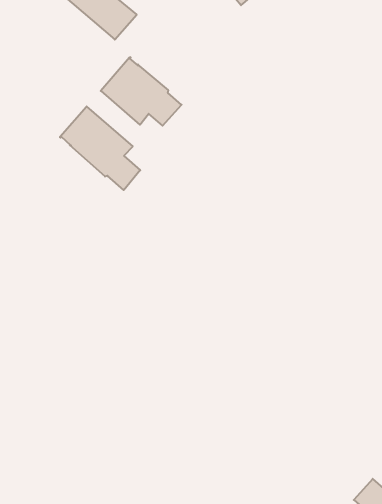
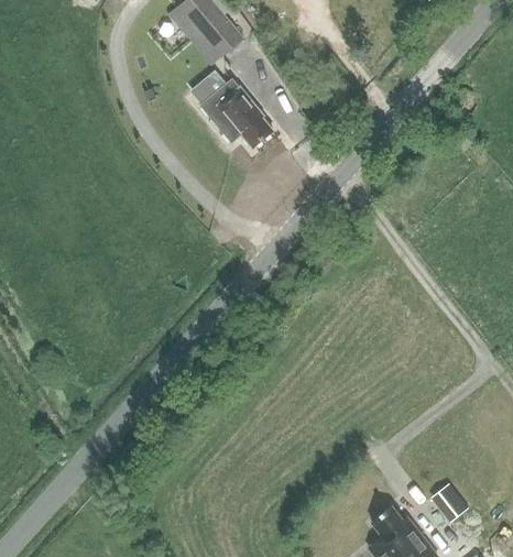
building: [60,106,140,190] -> none

